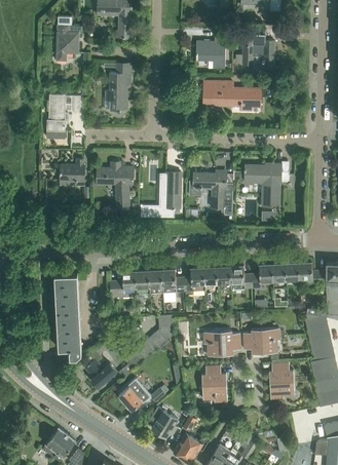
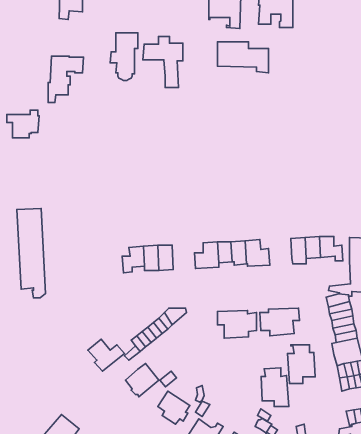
building: [54,160,84,186] -> [7,110,39,138]
building: [96,161,133,208] -> [143,37,183,87]
building: [243,164,289,206] -> none
building: [140,171,180,218] -> none
building: [192,172,232,215] -> none
building: [251,264,272,288] -> none
building: [161,269,183,293] -> none
building: [54,274,81,357] -> [17,208,46,298]
building: [201,365,227,401] -> [261,368,289,406]

